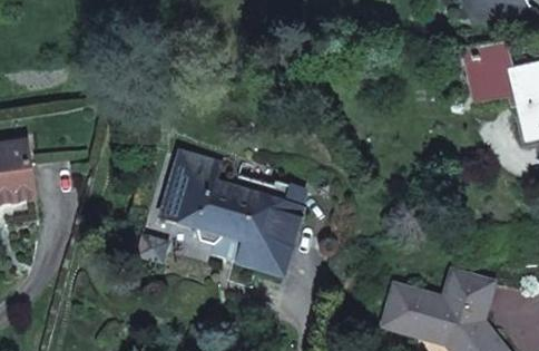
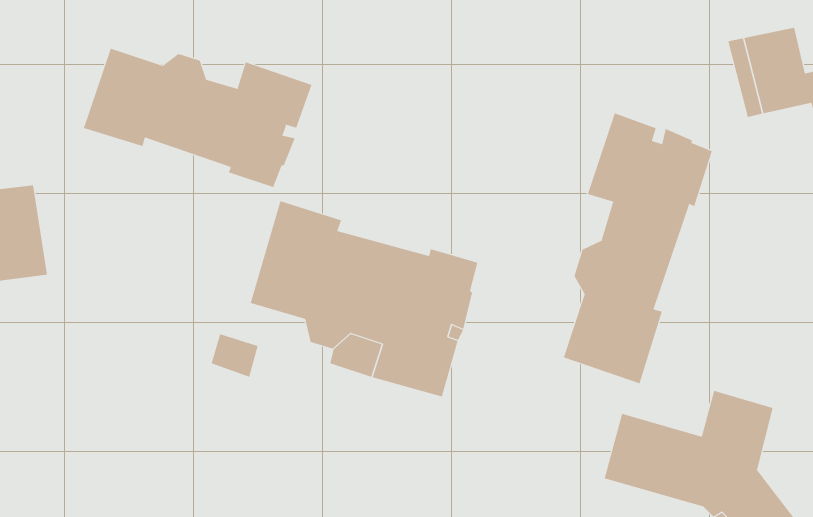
building: none -> [83,48,312,188]
building: none -> [563,113,713,384]

